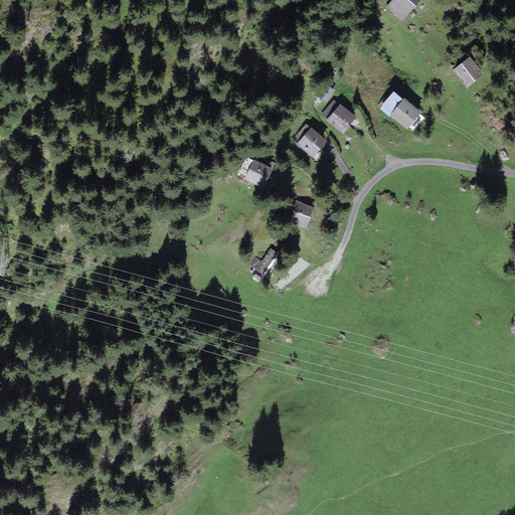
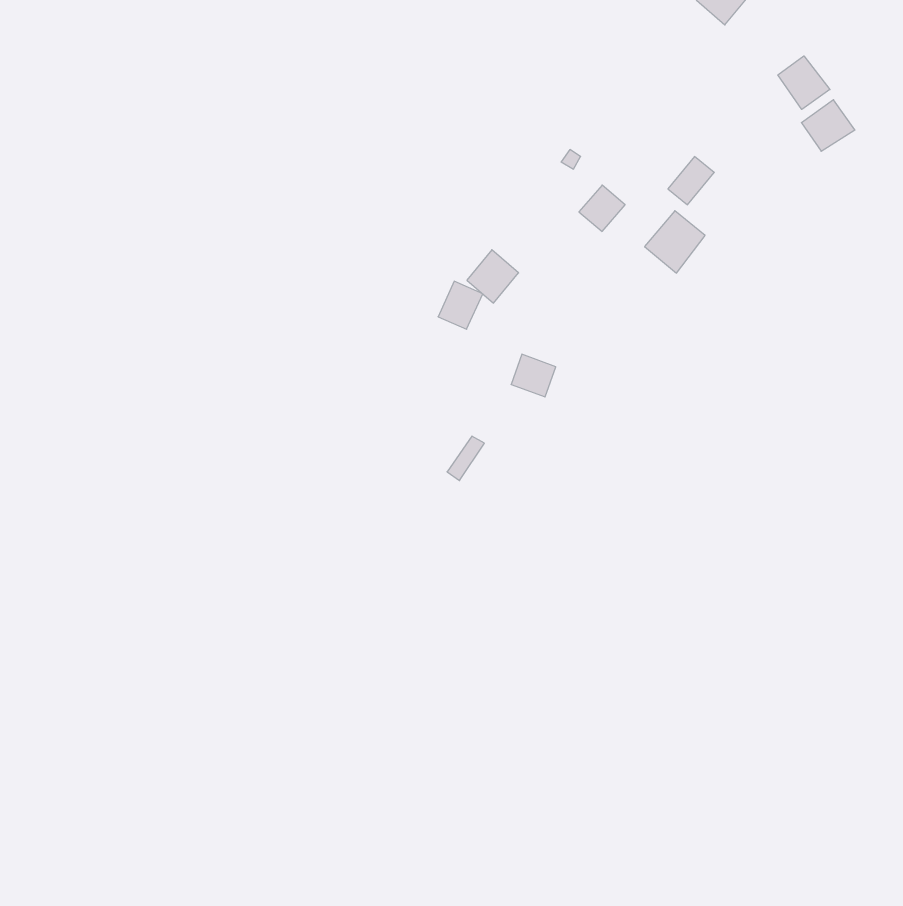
building: none -> [778,56,830,109]
building: [388,96,422,131] -> [645,211,705,273]
building: [296,127,325,157] -> [467,250,519,303]

